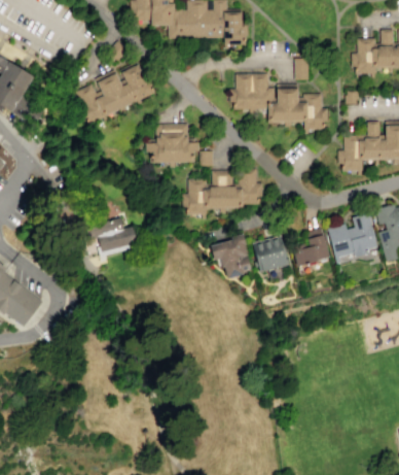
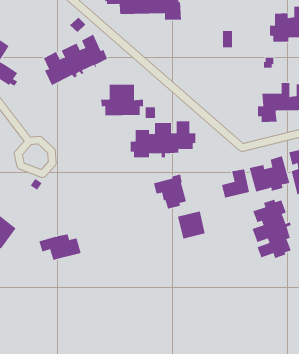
building: [230,74,328,131] -> none
building: [85,218,138,251] -> [39,234,81,261]
building: [253,237,288,272] -> [177,211,206,239]
building: none -> [252,199,292,259]

